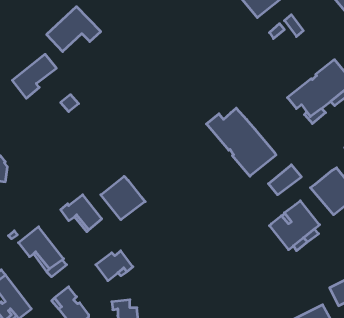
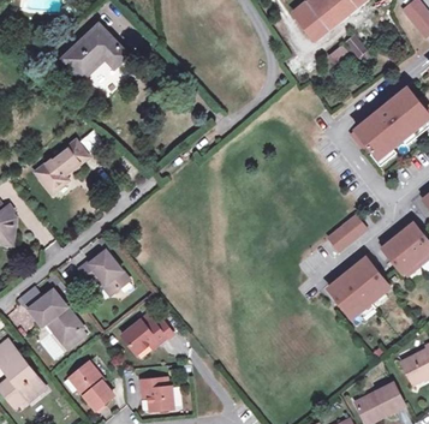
building: [12,54,56,98] -> [34,139,87,192]
building: [206,108,276,176] -> none
building: [101,176,145,220] -> none

